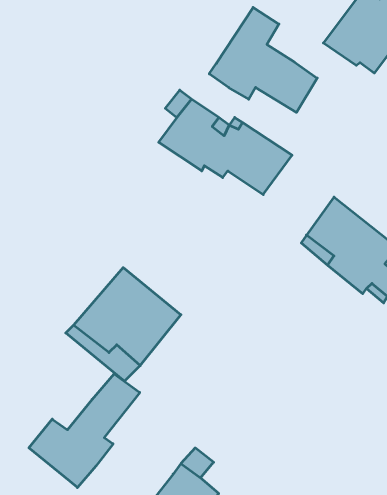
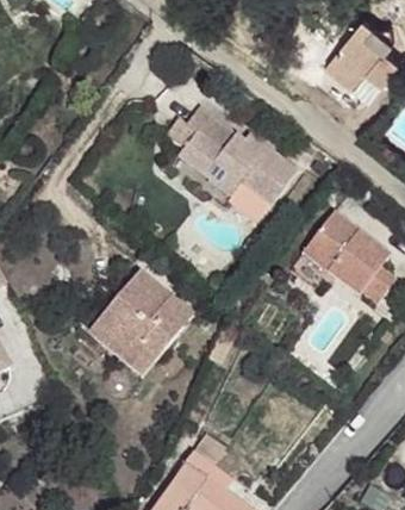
building: [209,7,317,112] -> none
building: [29,374,140,488] -> none

